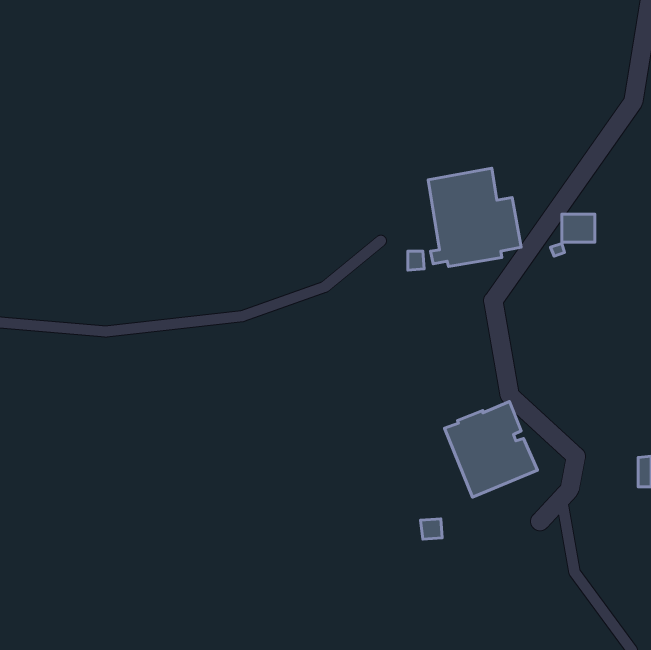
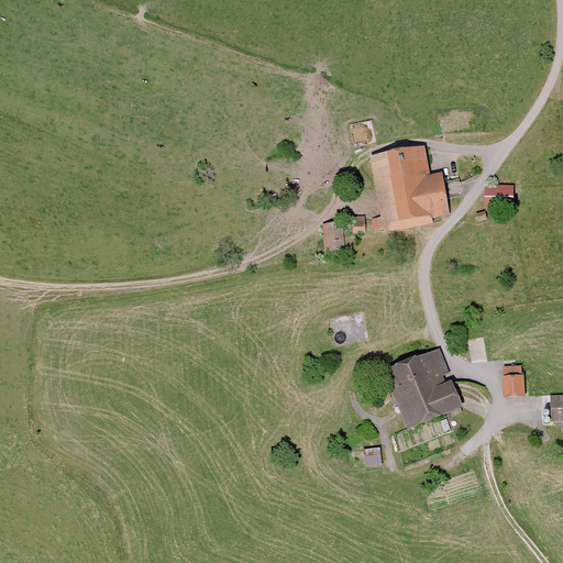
building: none -> [323,223,345,252]
building: none -> [501,365,525,396]

